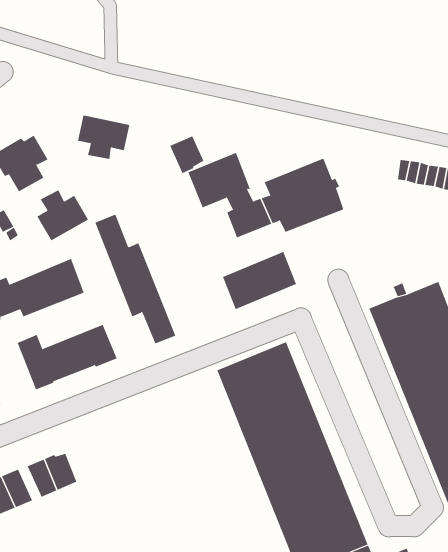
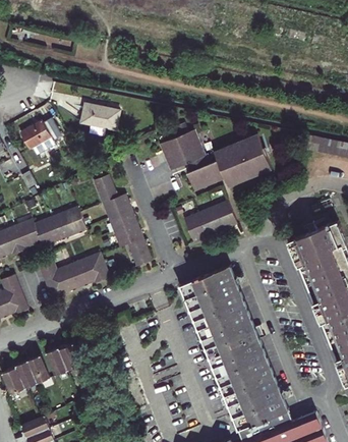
building: [169,136,204,174] -> none
building: [37,189,89,241] -> none

